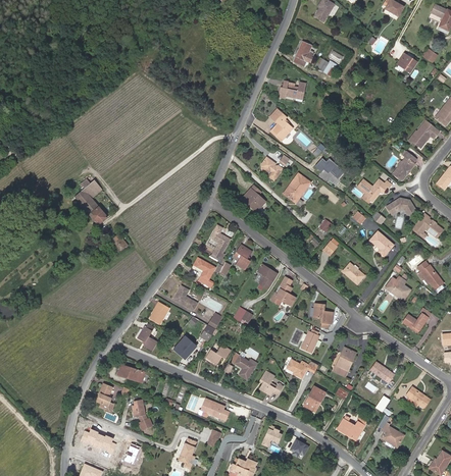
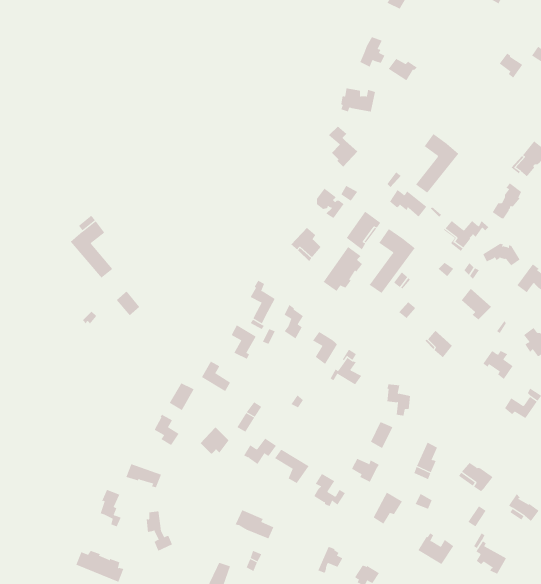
building: none -> [415,133,459,194]
building: none -> [369,228,415,294]
building: none -> [323,246,363,292]

